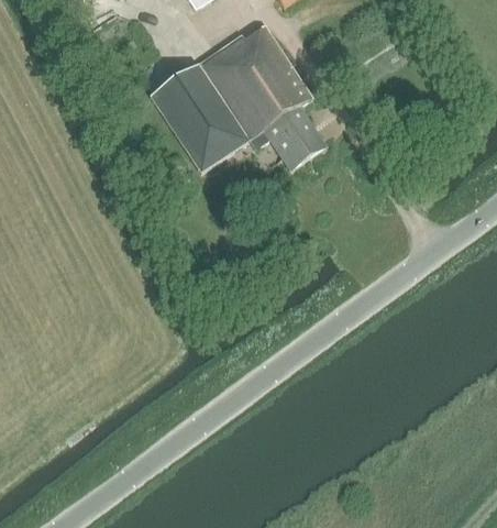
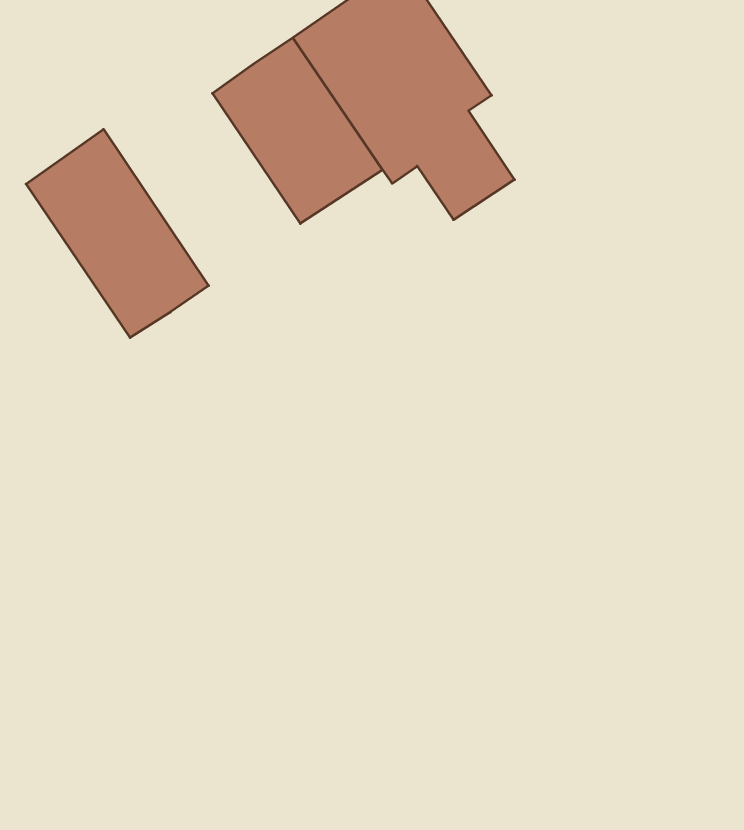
building: none -> [26,129,209,338]

